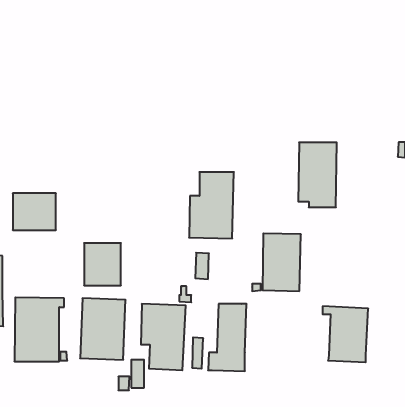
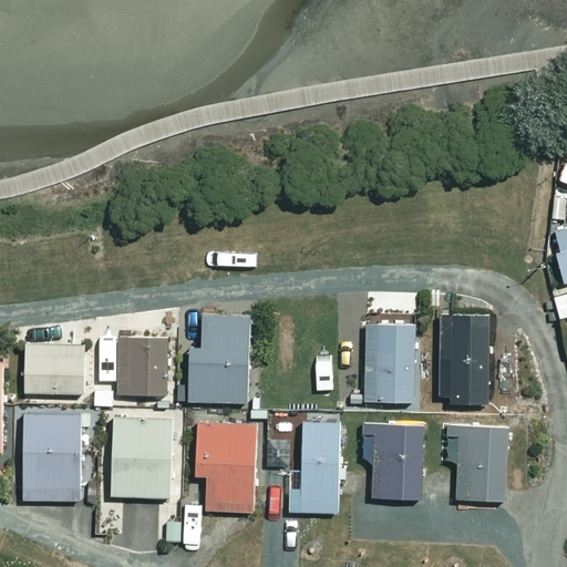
building: [298,142,337,207] -> [436,315,489,404]
building: [189,172,234,238] -> [187,311,249,403]
building: [13,193,56,230] -> [24,343,84,394]
building: none -> [361,423,424,499]

